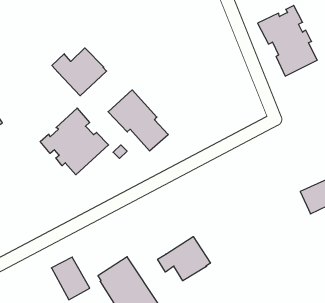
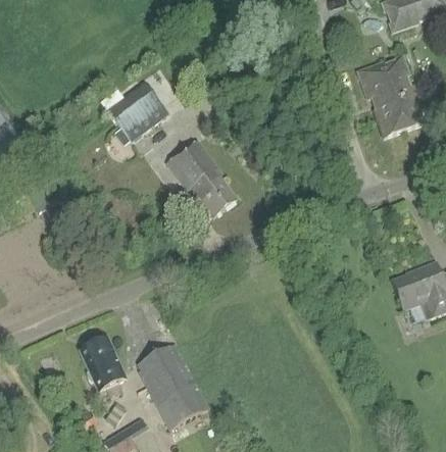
building: [40,108,109,175] -> none
building: [158,237,210,281] -> none

